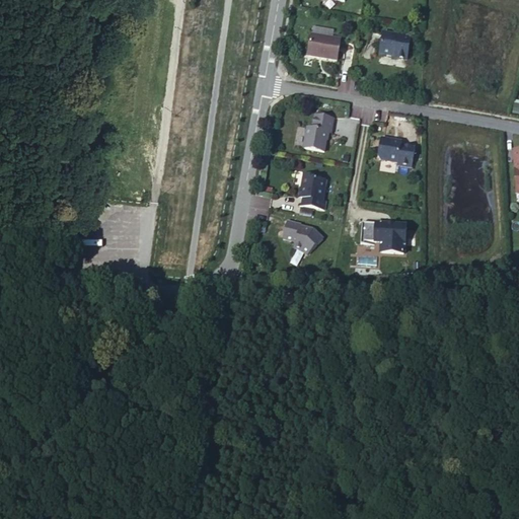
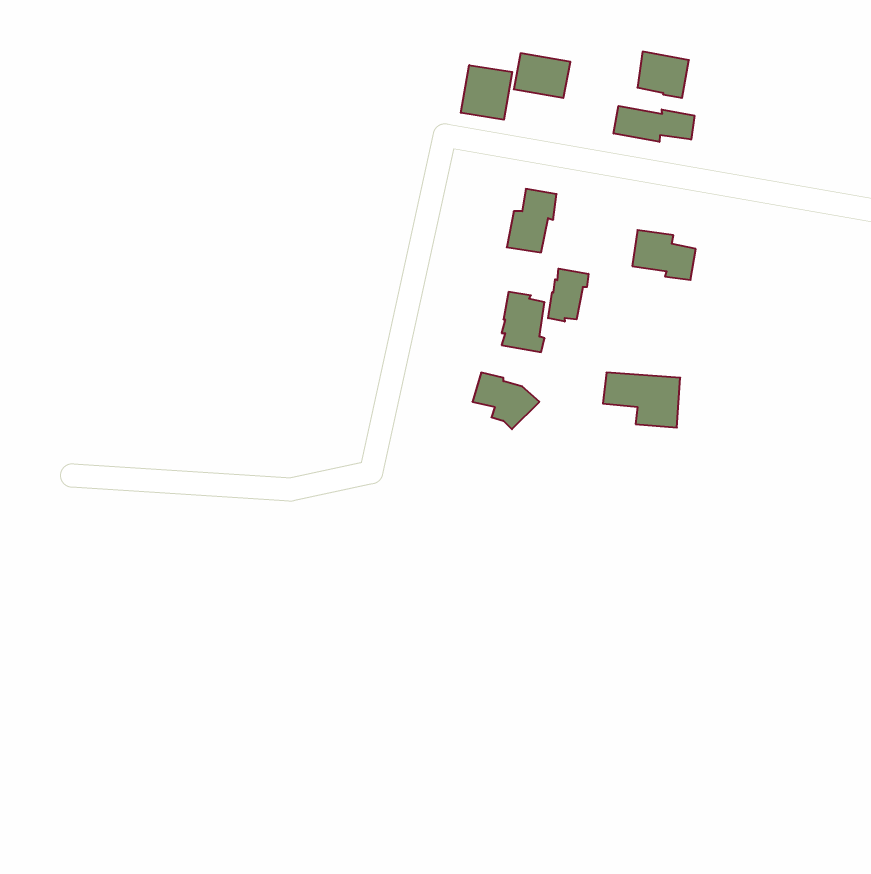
building: none -> [461,65,512,120]
building: none -> [614,106,694,142]
building: none -> [548,269,588,322]

